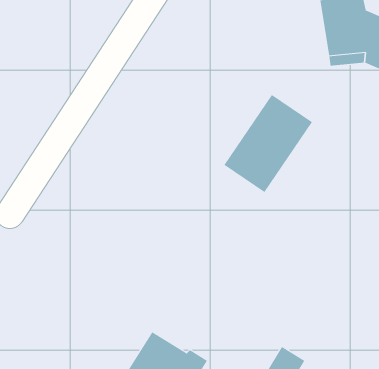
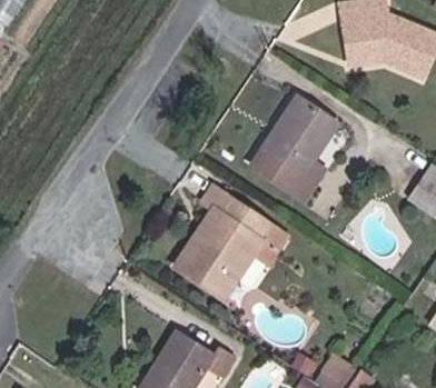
building: none -> [178,191,283,295]

